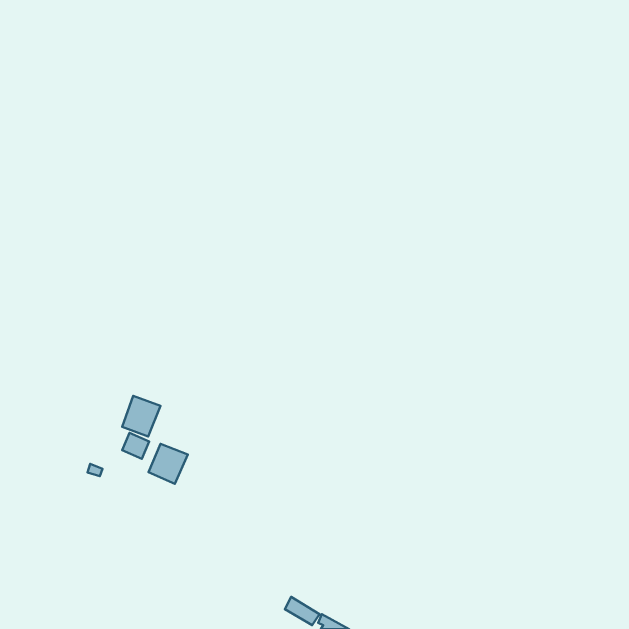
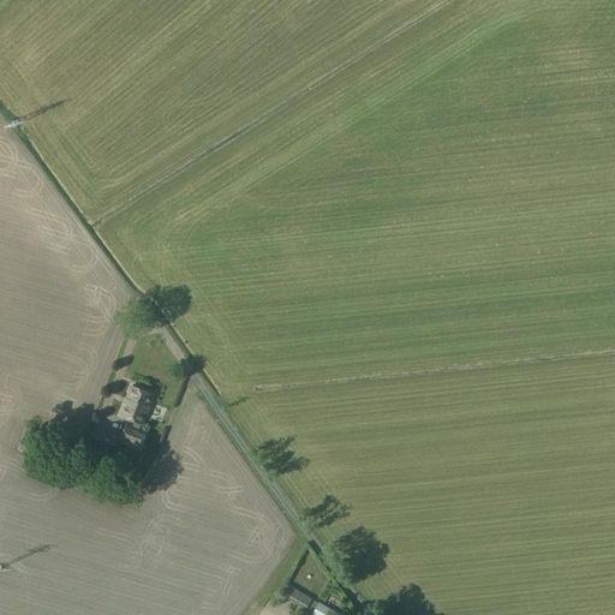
building: [148,444,188,484] -> none

